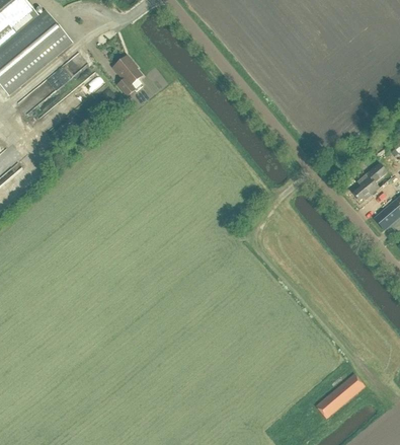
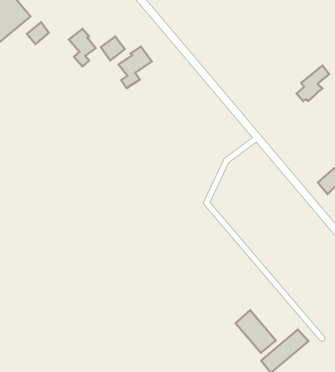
building: none -> [119,47,152,88]
building: [351,163,386,201] -> [297,66,329,101]
building: none -> [236,310,276,353]

